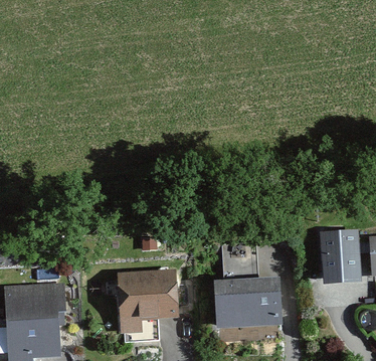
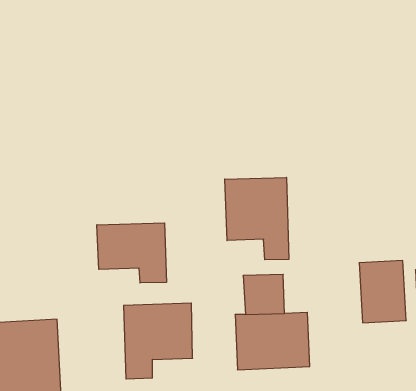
building: none -> [225,177,289,260]
building: none -> [97,223,166,283]

